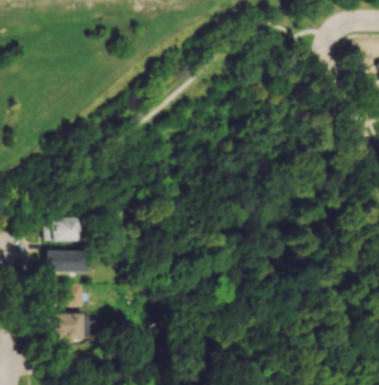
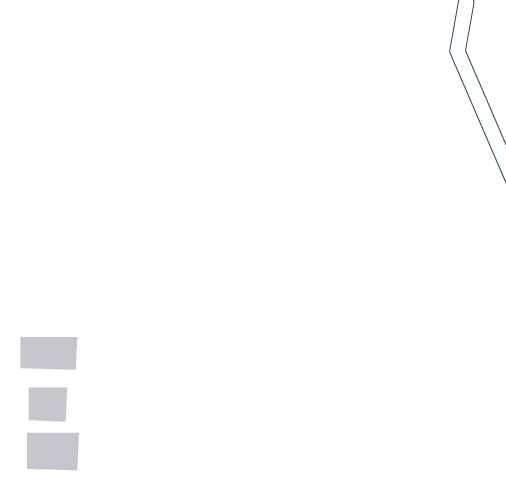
building: [49,217,83,242] -> none

